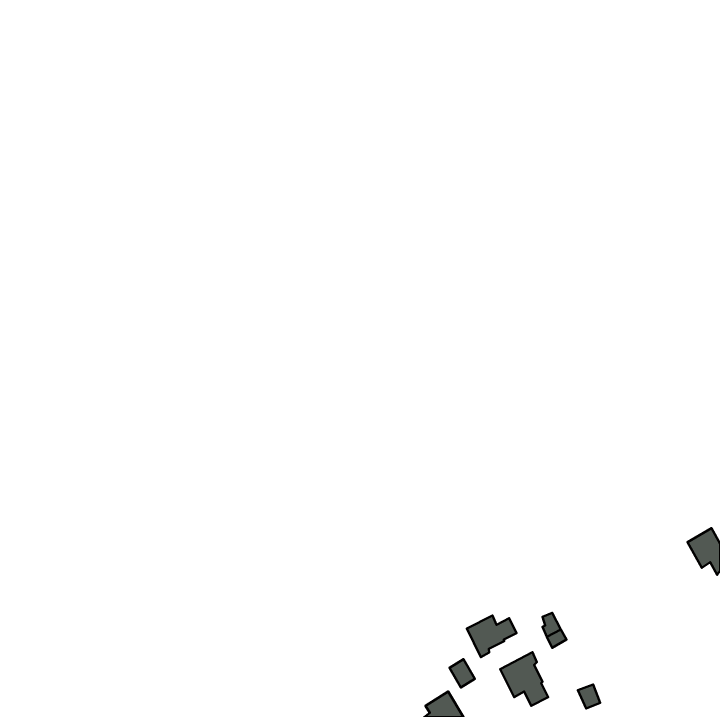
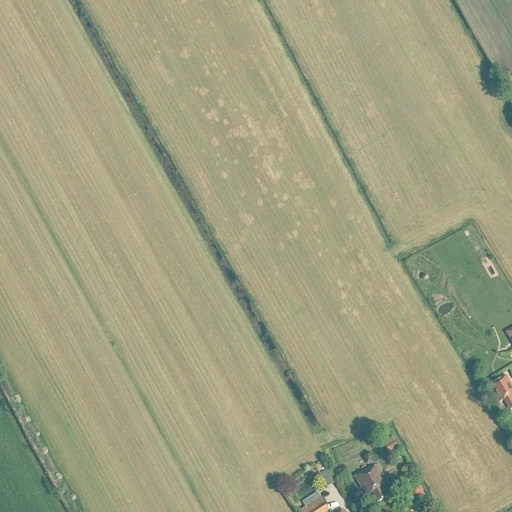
building: [467,616,517,657] -> none

